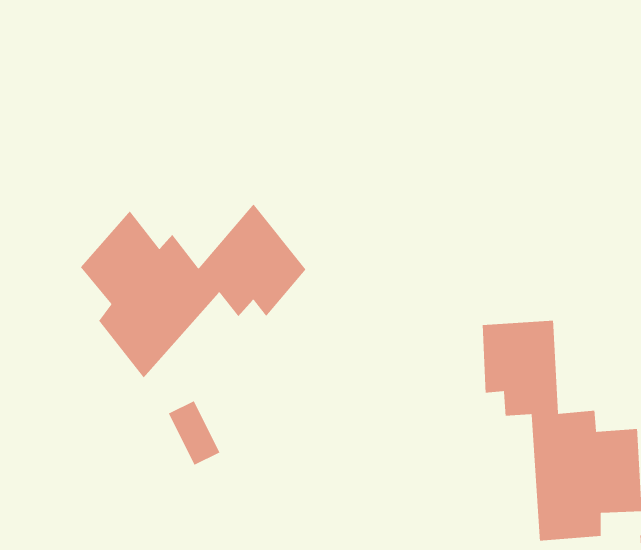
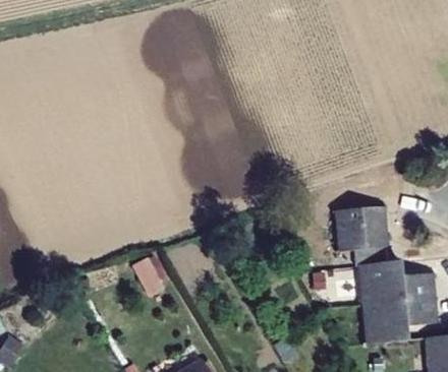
building: [80,203,306,379] -> none

